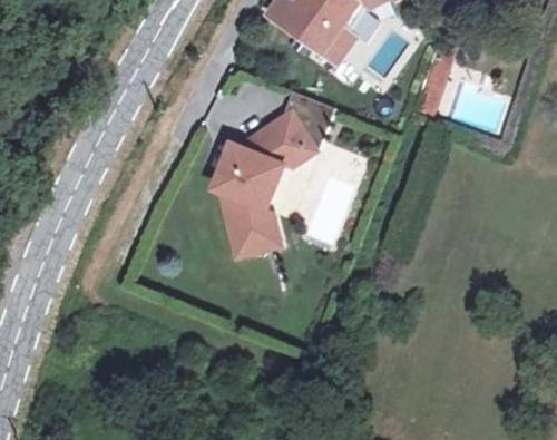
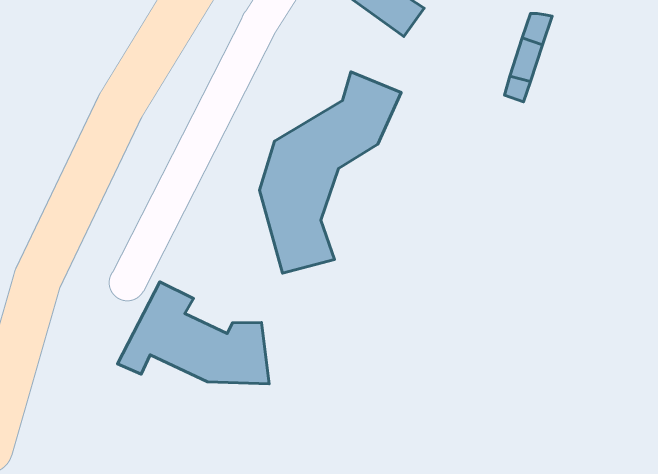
building: none -> [117,282,269,384]

